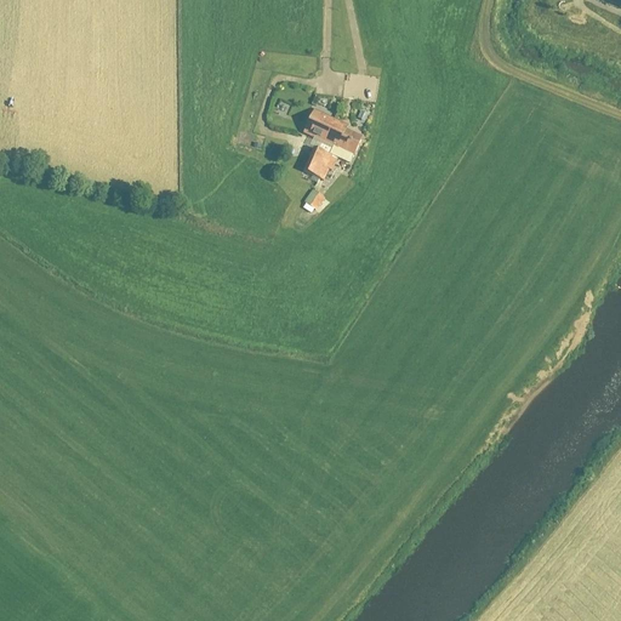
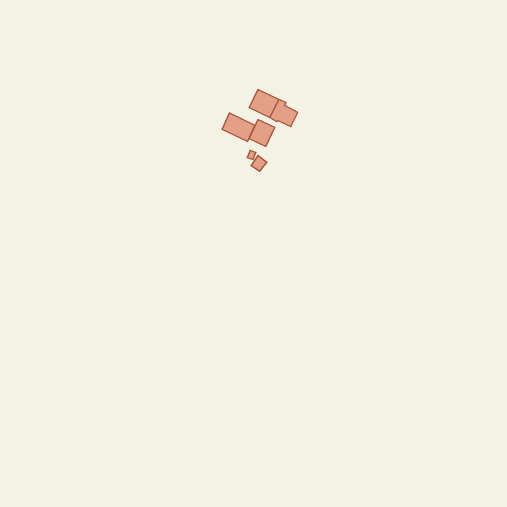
building: none -> [222,113,255,142]

